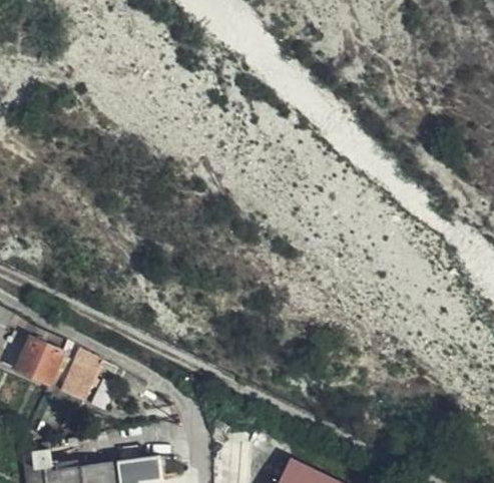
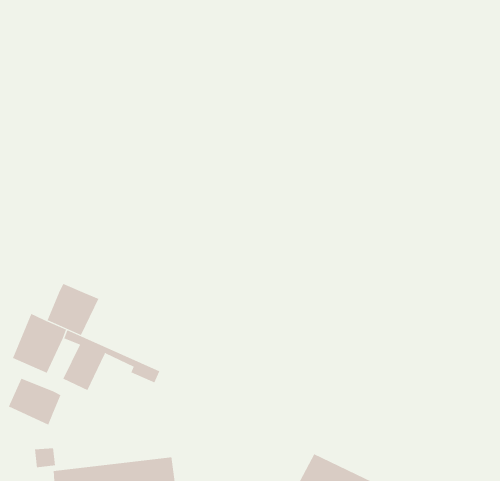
building: none -> [47,283,99,336]
building: none -> [8,378,61,425]

